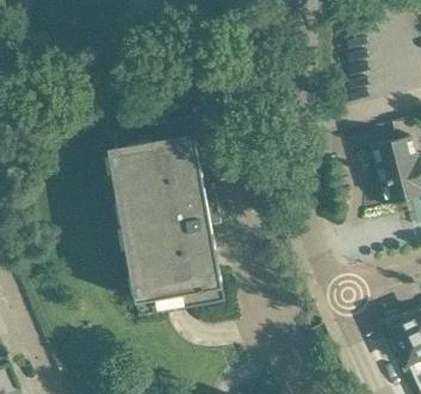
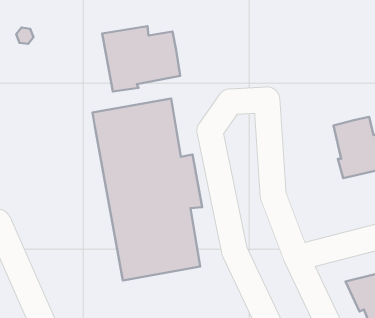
building: none -> [102,26,180,91]

